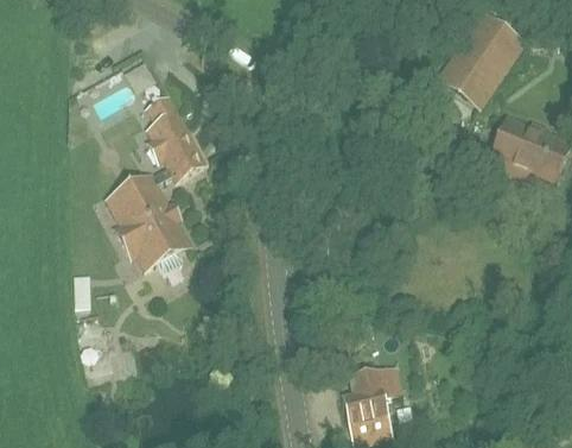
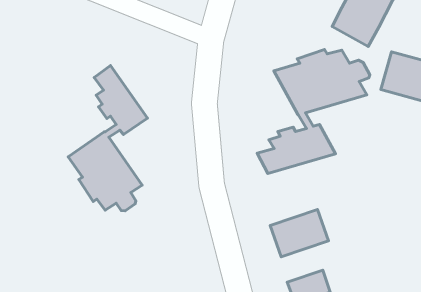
building: none -> [257,50,370,174]
building: none -> [270,210,328,257]

